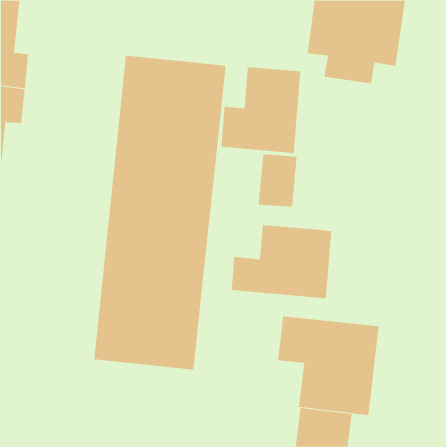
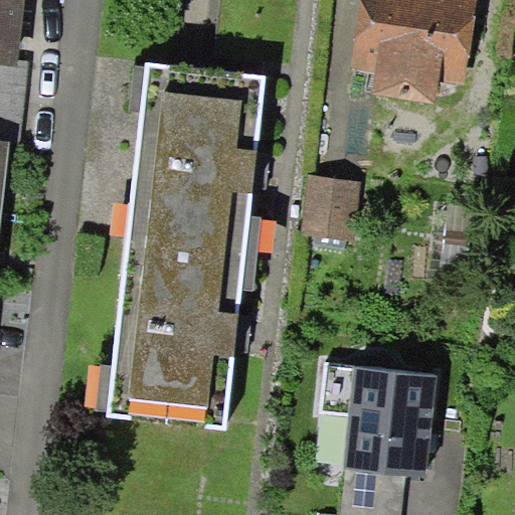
building: [221,66,301,154] -> none
building: [231,224,332,299] -> none

